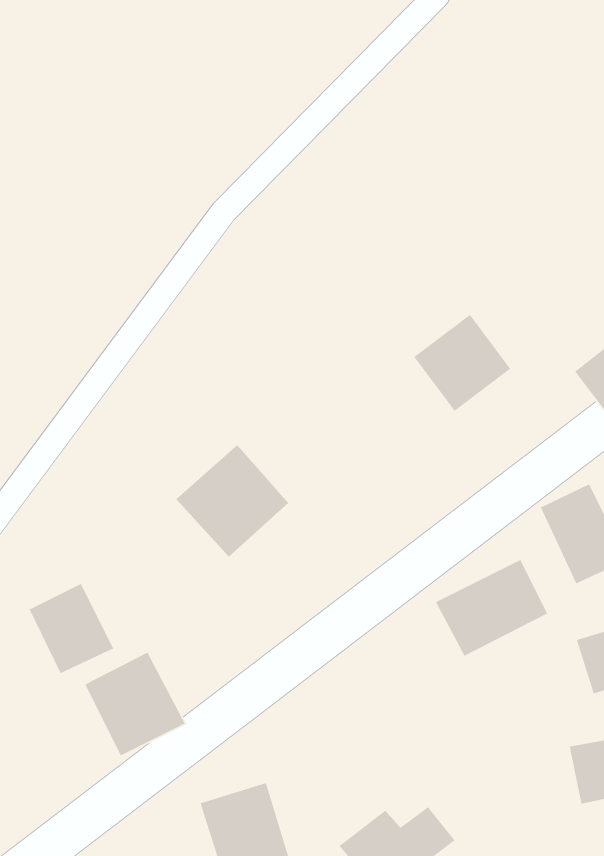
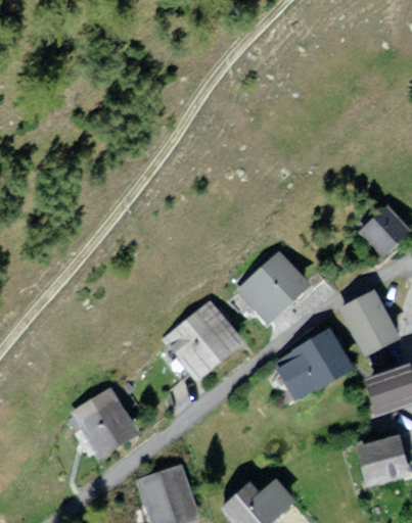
building: [413,314,511,412] -> [249,257,308,316]
building: [176,444,289,558] -> [171,311,238,378]
building: [29,583,114,674] -> none

